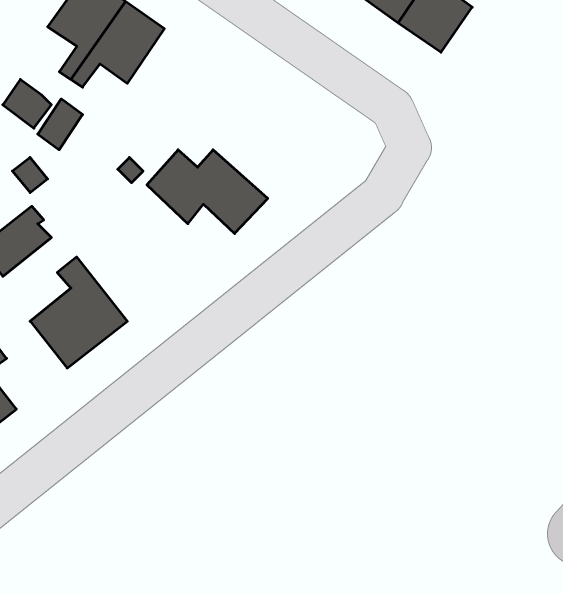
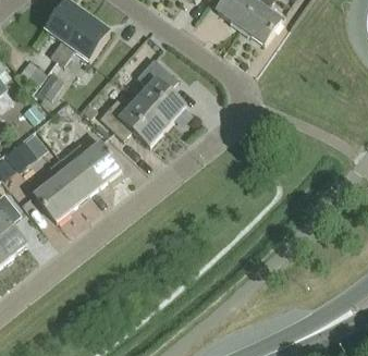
building: none -> [137,59,186,126]
building: none -> [61,142,122,195]

